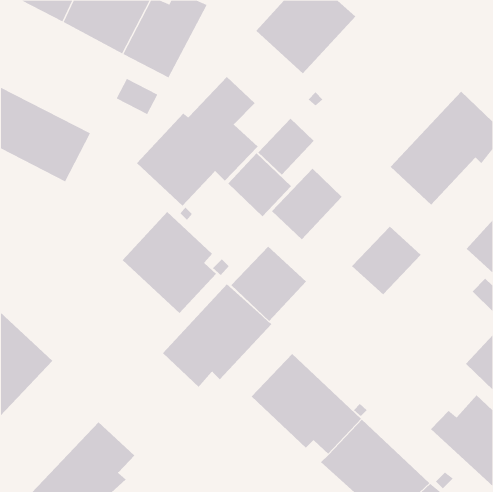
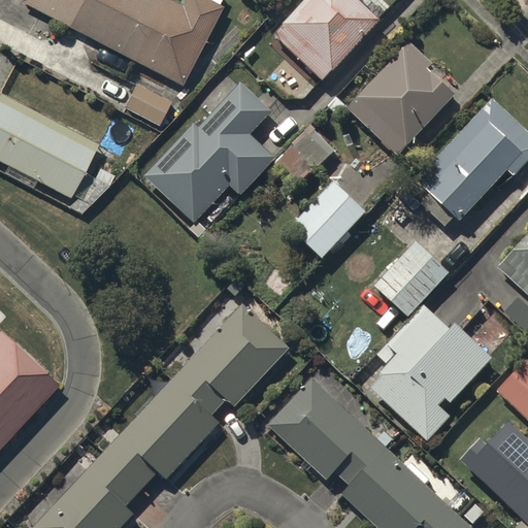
building: none -> [348,42,455,155]
building: [227,153,292,217] -> none
building: [122,211,217,314] -> none
building: [230,246,307,322] -> none
building: none -> [370,305,492,440]
building: none -> [105,378,221,488]

